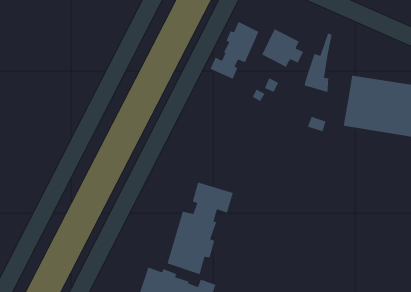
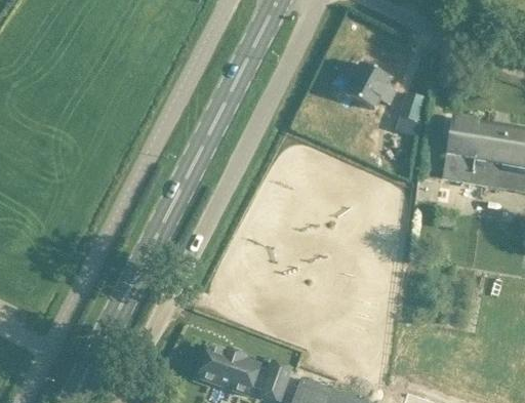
building: [210,21,260,80] -> none
building: [167,182,234,275] -> none

